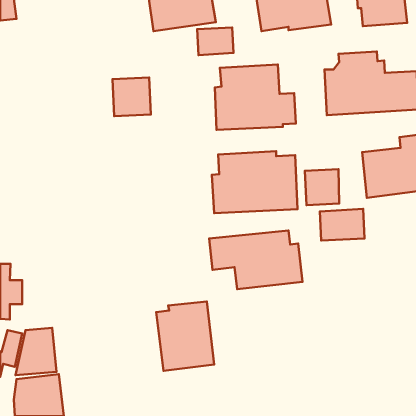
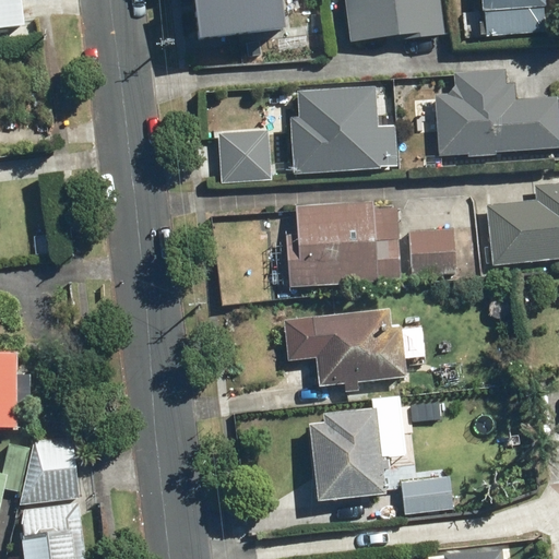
building: [197,27,234,55] -> none
building: [113,78,151,116] -> [218,130,270,181]
building: [320,209,364,241] -> none
building: [156,302,214,371] -> [307,408,384,501]
building: none -> [401,475,455,512]

